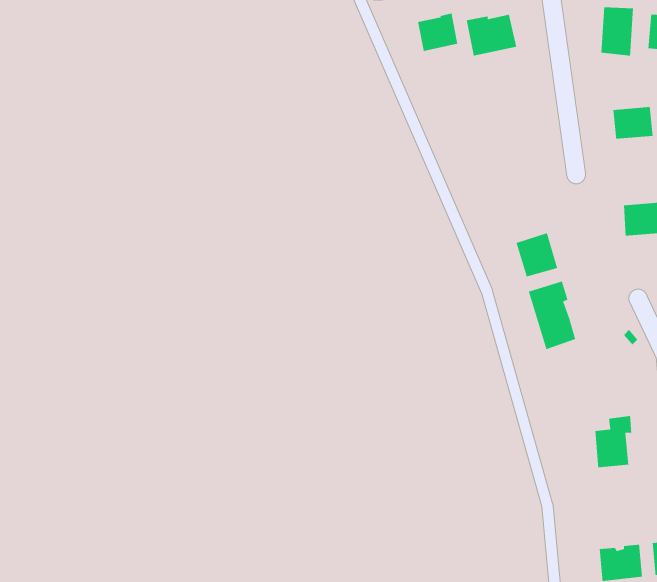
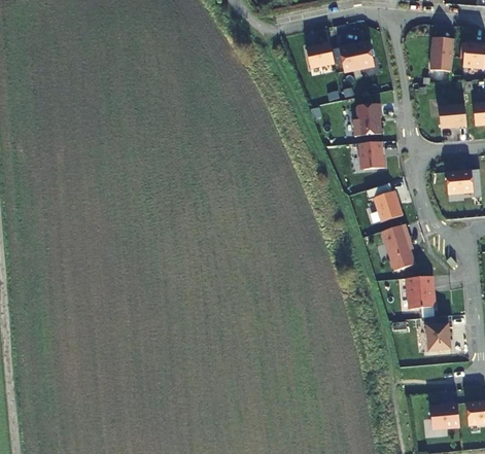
building: none -> [353,104,382,137]
building: none -> [359,142,384,170]
building: none -> [408,277,435,310]

